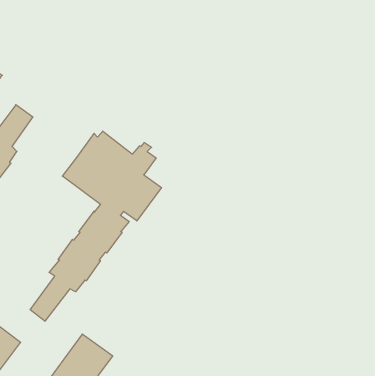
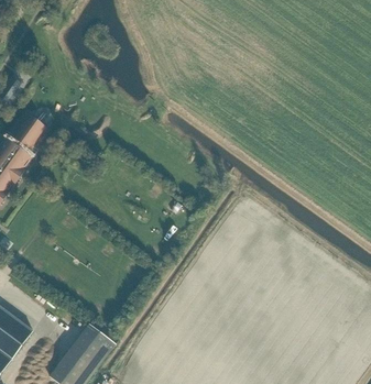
building: [30,131,161,321] -> none

